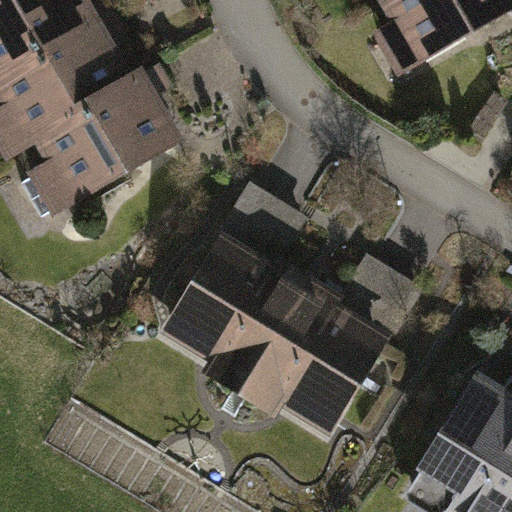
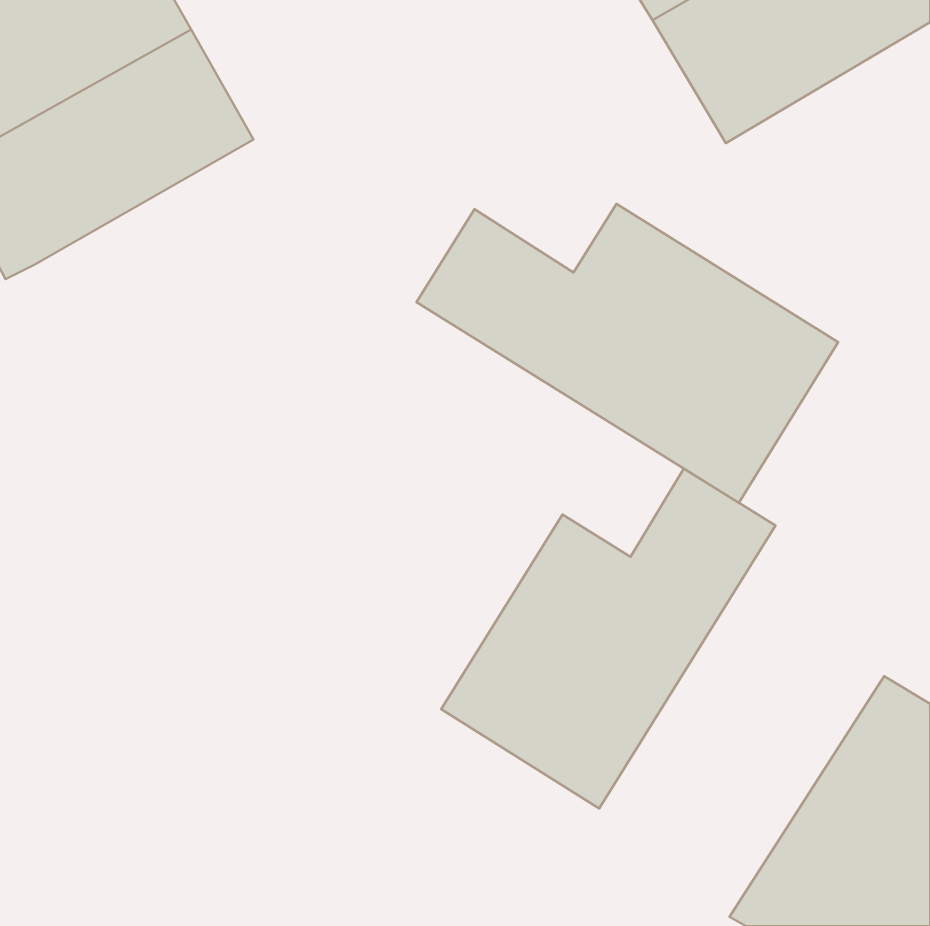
building: [19,72,185,211] -> none
building: none -> [416,204,838,503]
building: [156,184,306,386] -> none

